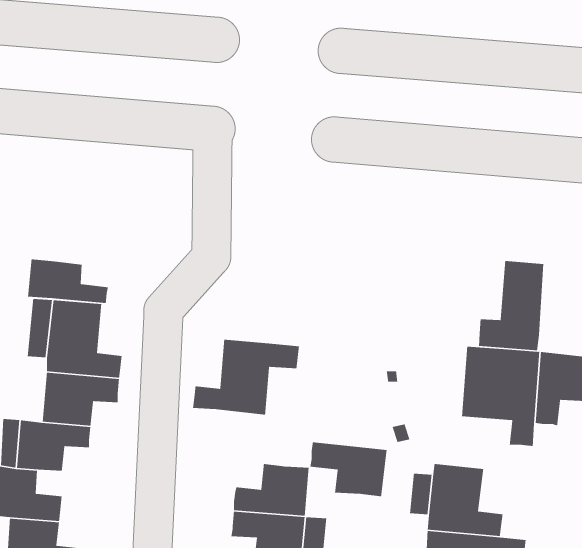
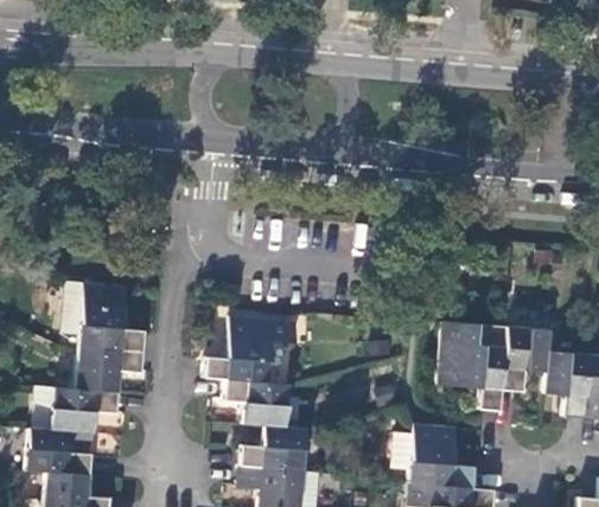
building: [27,258,109,304] -> none
building: [478,260,544,351] -> none
building: [310,441,387,497] -> [223,377,291,425]

